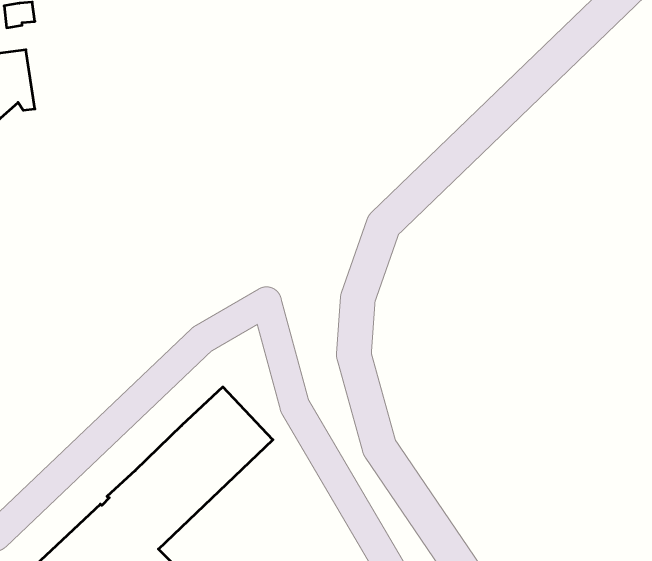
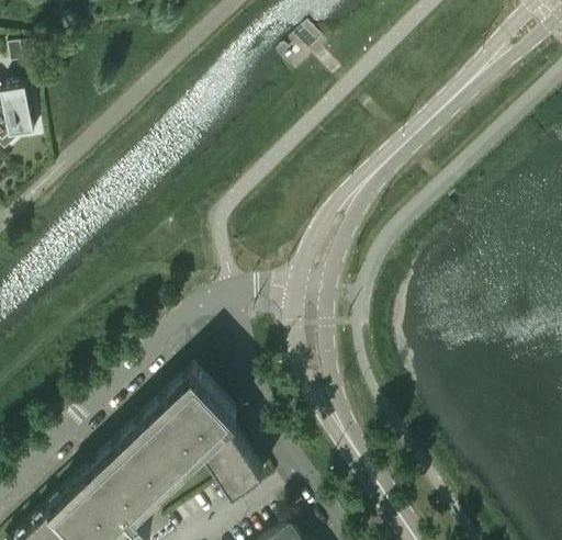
building: none -> [205,432,263,499]

